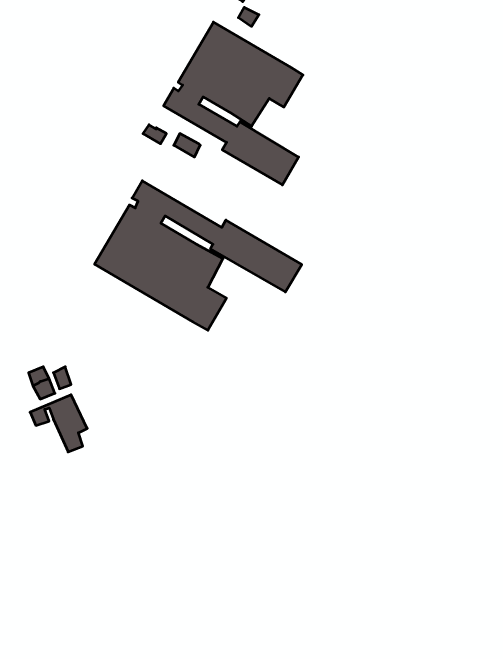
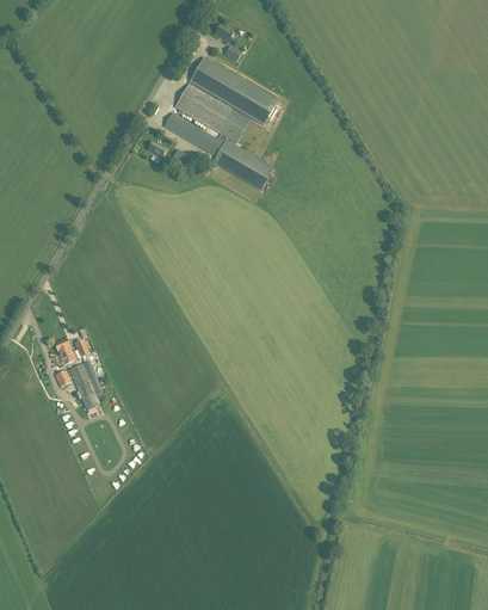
building: [95,181,302,330] -> none

